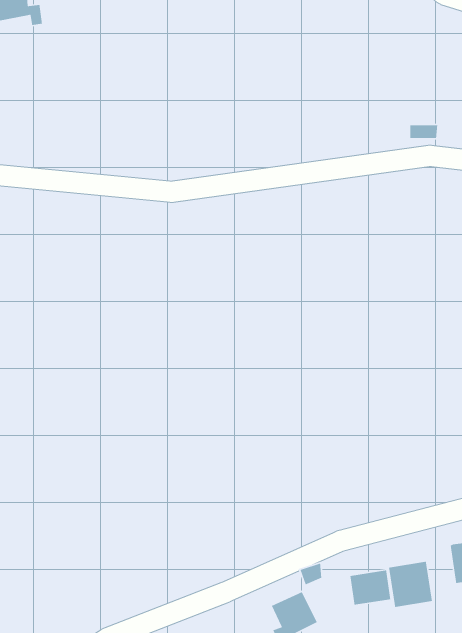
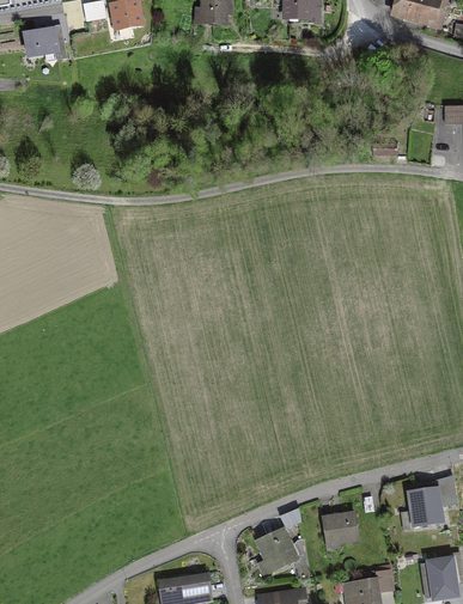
building: [388,561,433,608] -> none

